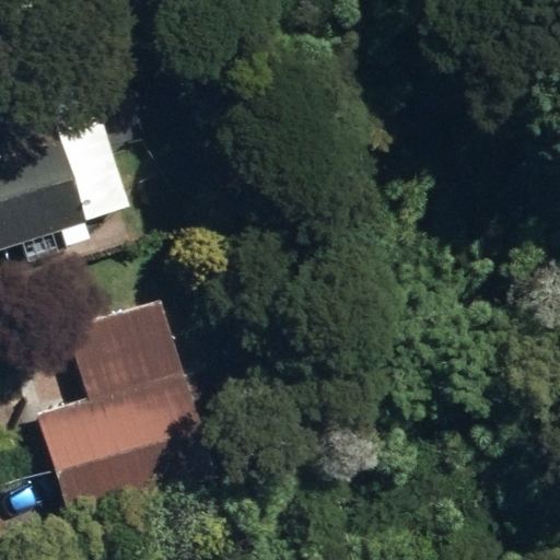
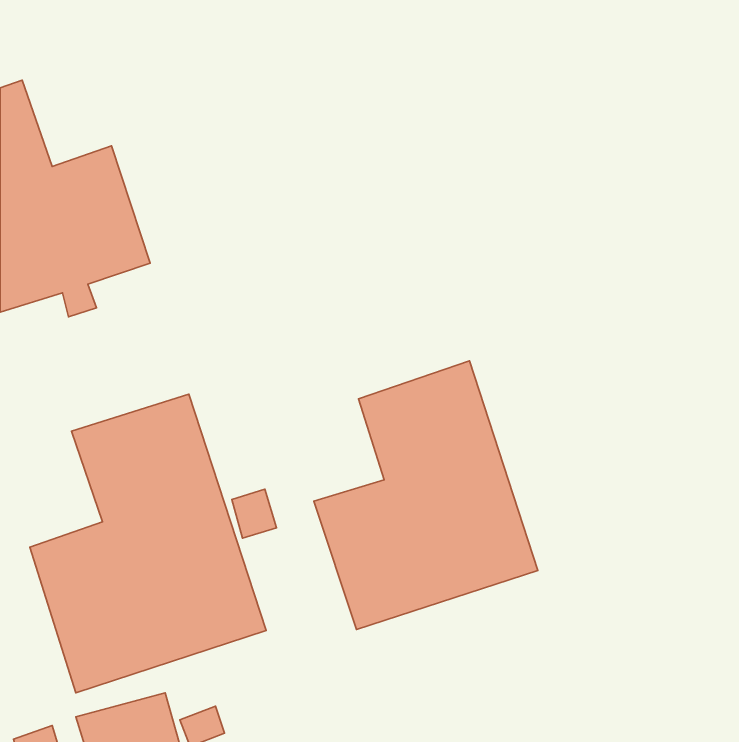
building: none -> [314,361,538,630]

